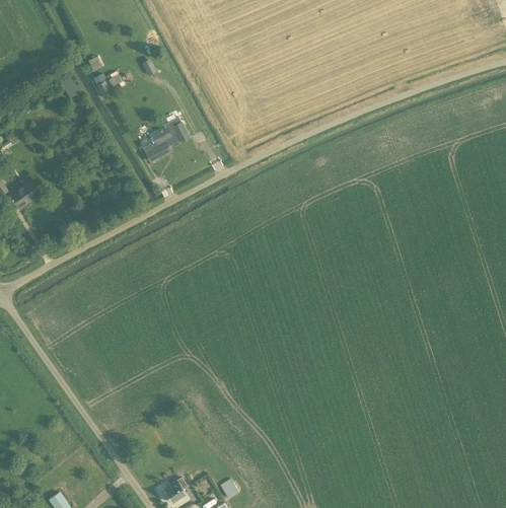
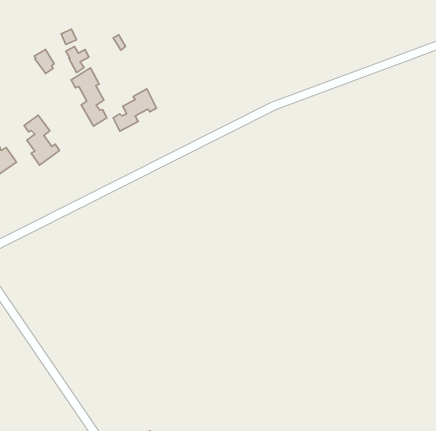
building: none -> [71,68,107,126]
building: none -> [24,115,59,165]

